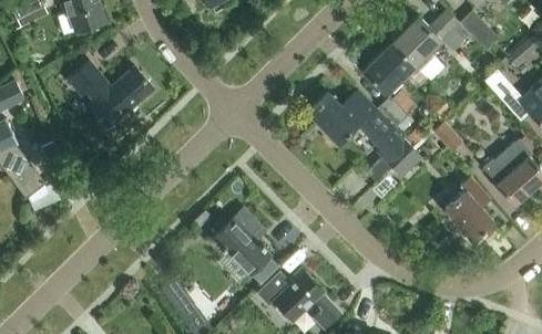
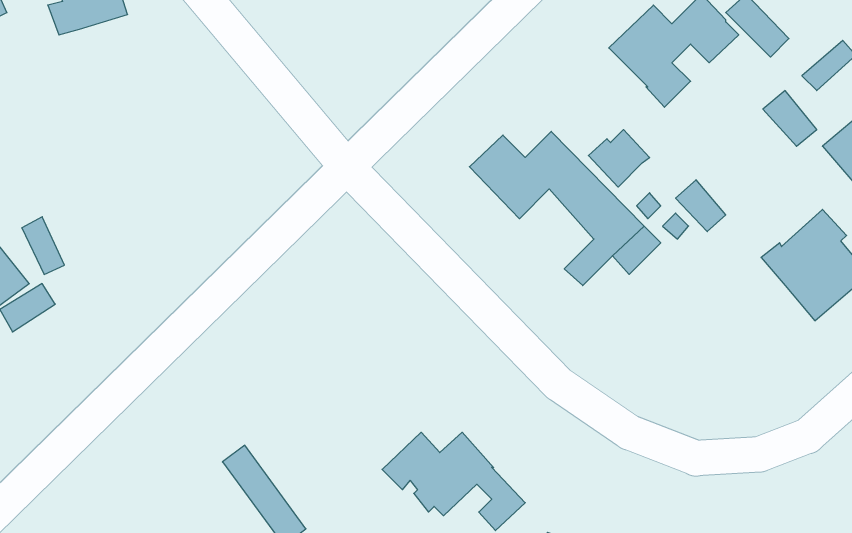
building: [364,42,415,95] -> none
building: [65,60,153,127] -> none
building: [444,177,493,241] -> none
building: [213,207,278,283] -> none

